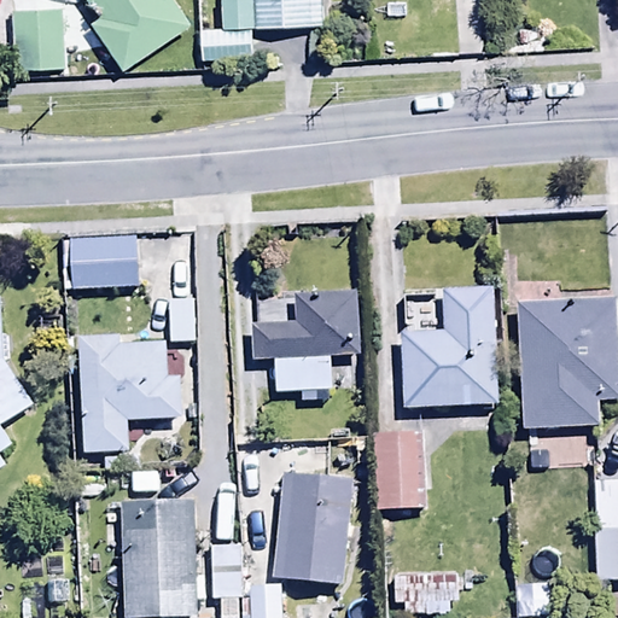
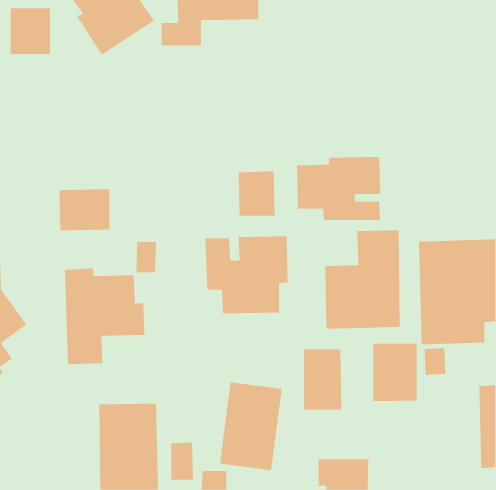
building: none -> [297,156,381,221]
building: none -> [238,171,275,217]
building: none -> [373,343,417,402]

